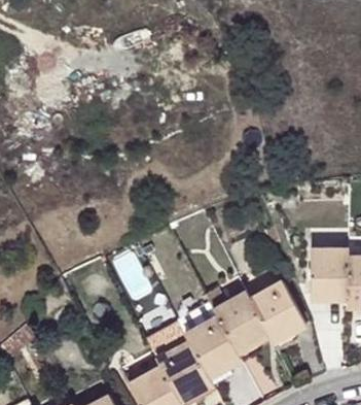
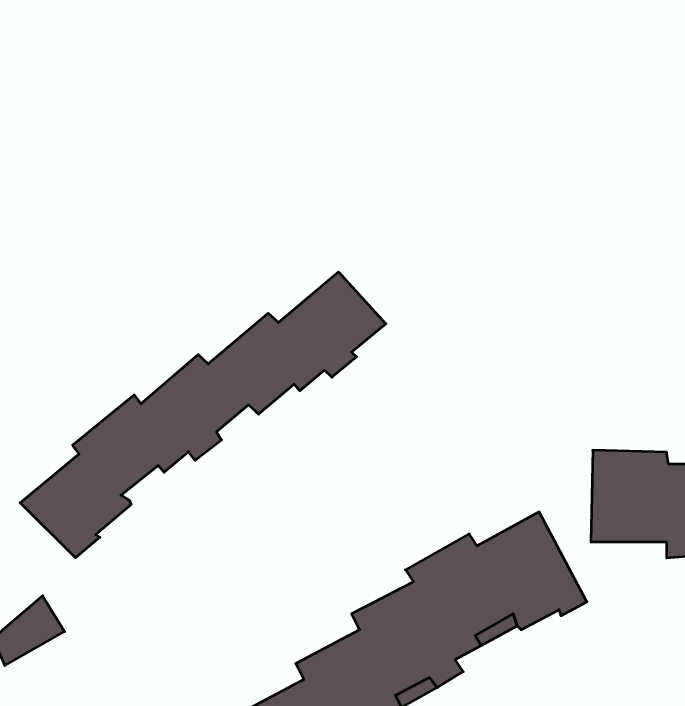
building: none -> [20,272,386,558]

